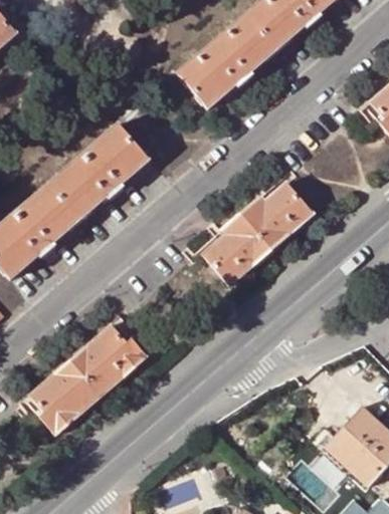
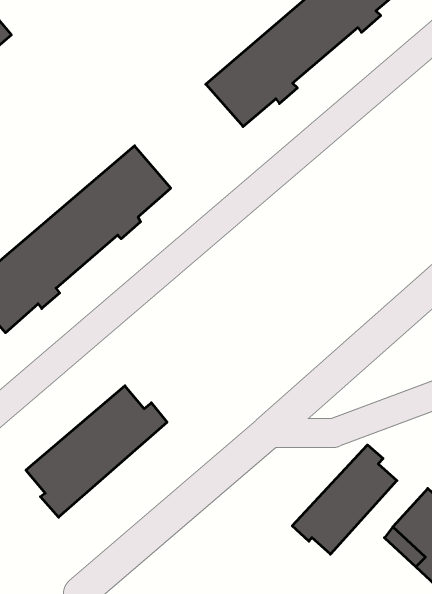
building: [202,182,311,284] -> none
building: none -> [292,445,397,554]

